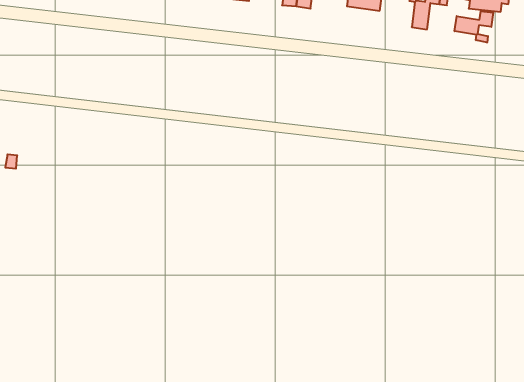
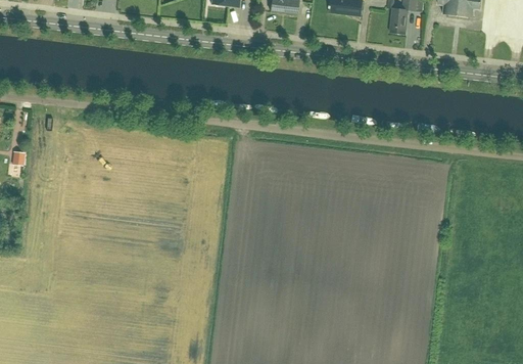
building: [455,11,493,43] -> none

